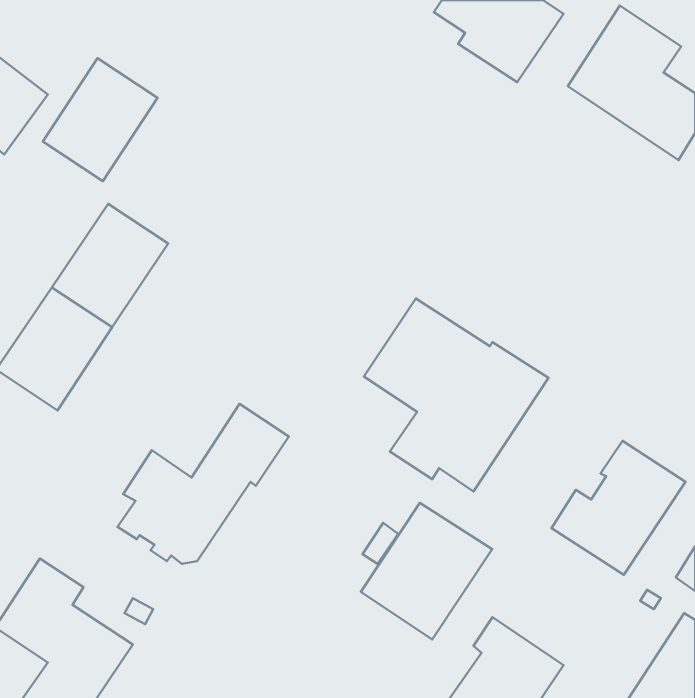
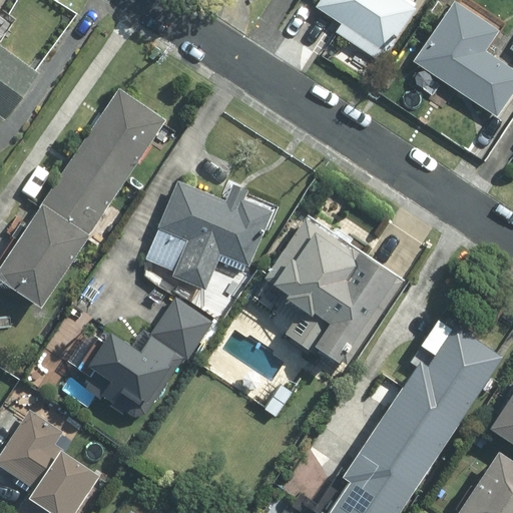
building: [43,58,158,181] -> [79,89,163,179]
building: none -> [147,179,272,287]
building: [361,503,492,640] -> [361,388,457,488]

